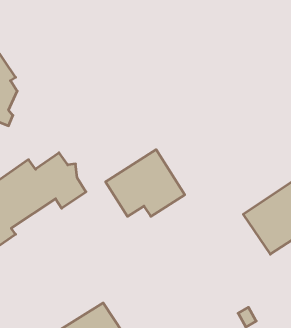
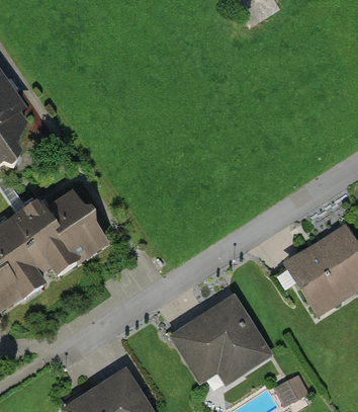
building: [106,150,185,216] -> [175,299,267,377]

